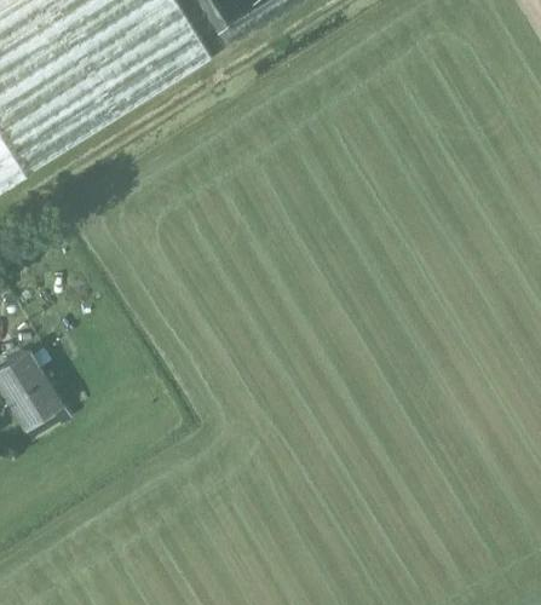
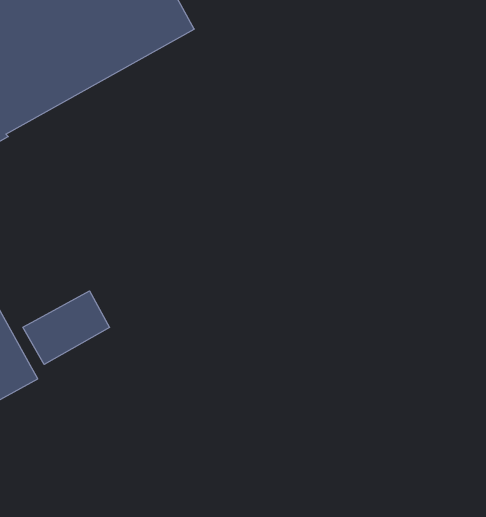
building: none -> [23,291,110,364]

